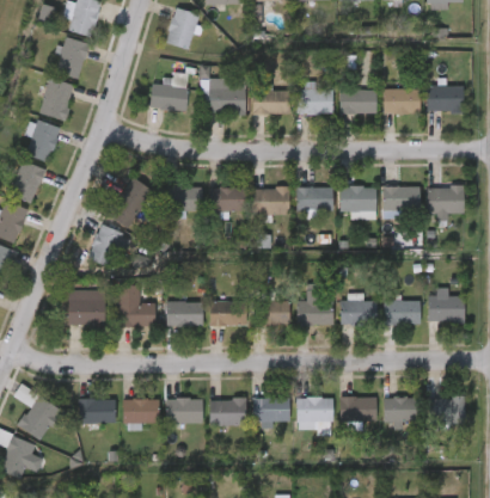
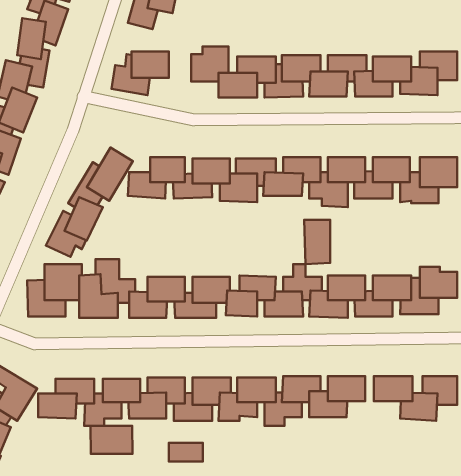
building: none -> [304,220,330,264]
building: none -> [90,426,133,454]
building: none -> [169,443,203,462]

